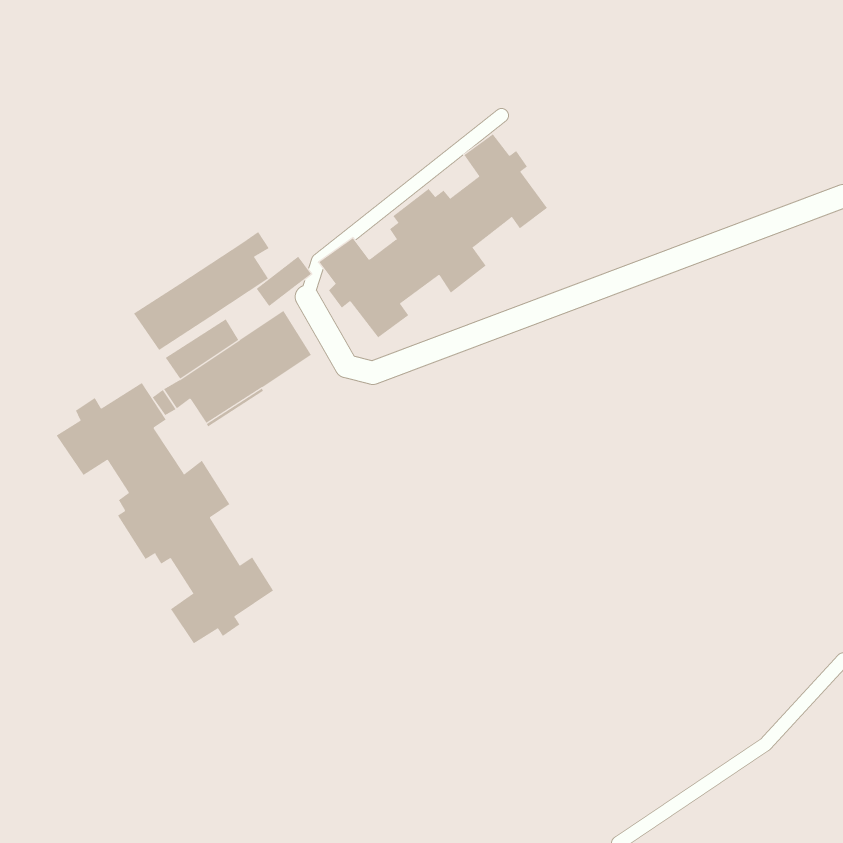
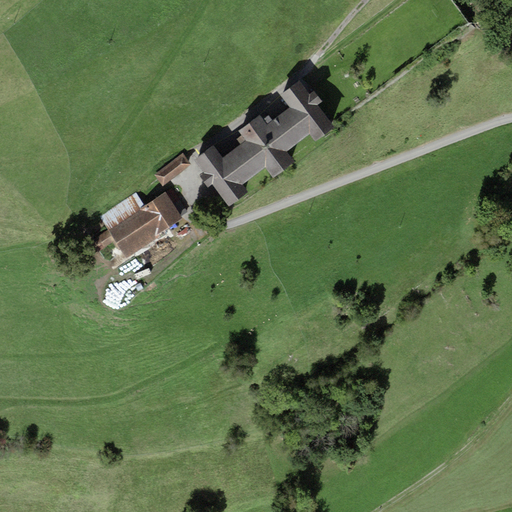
building: [133,231,269,351] -> none
building: [56,382,274,644] -> none

